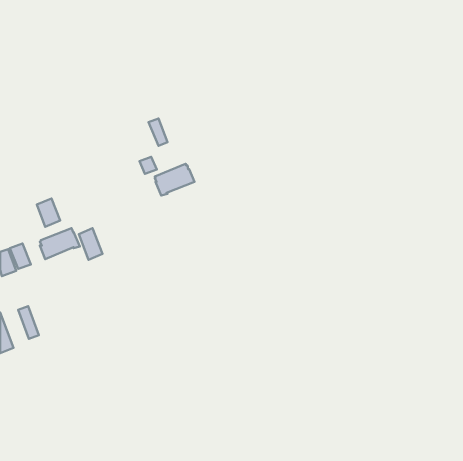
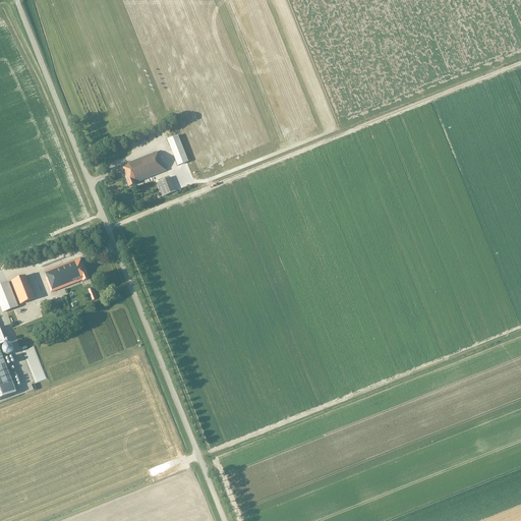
building: [155,164,195,196] -> [122,149,167,184]
building: [37,198,60,227] -> none
building: [79,228,102,260] -> none

